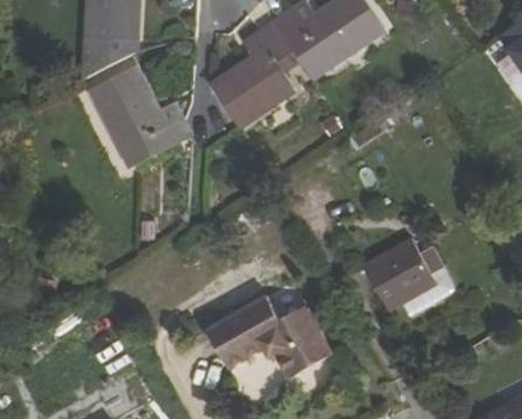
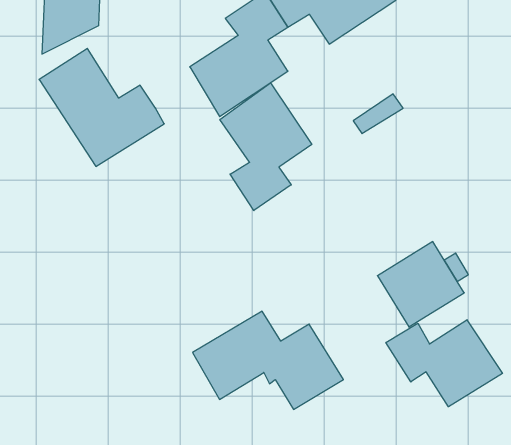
building: none -> [220,83,312,211]
building: none -> [386,320,502,407]

